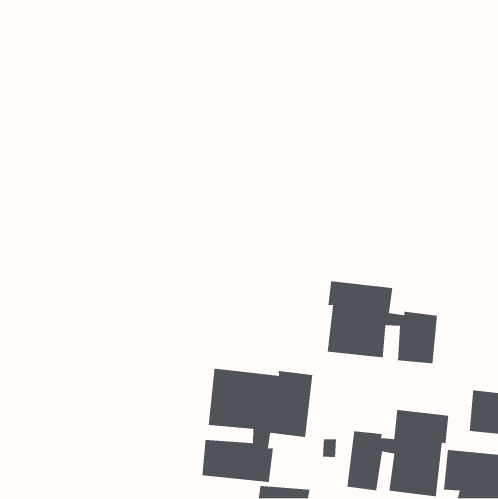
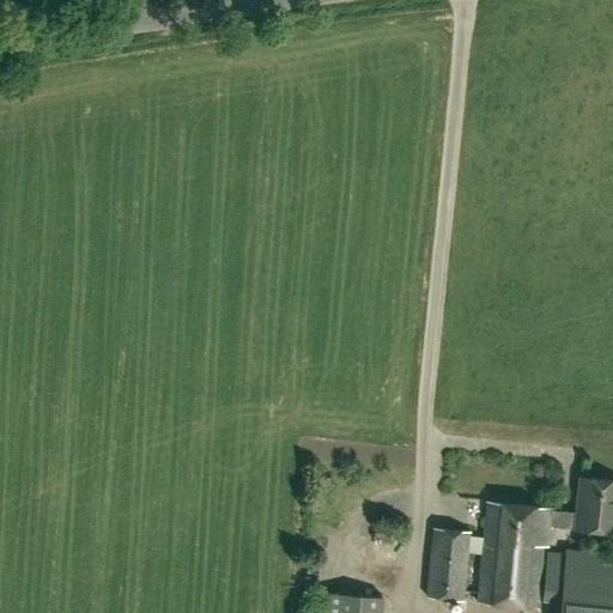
building: [327,280,438,364] -> none
building: [201,368,313,483] -> none

